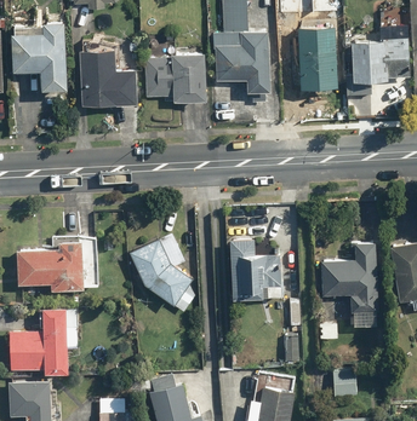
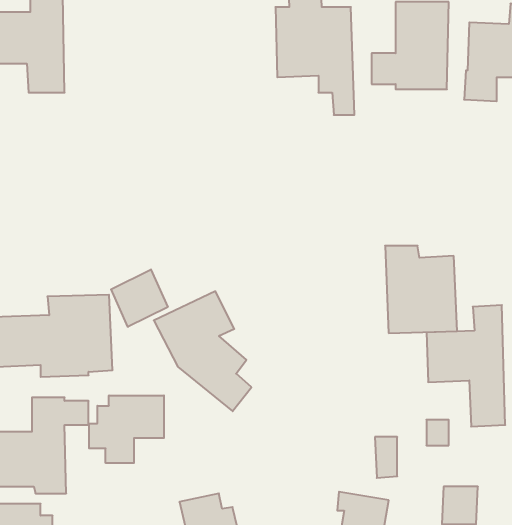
building: [80,40,135,106] -> none
building: [145,53,204,102] -> none
building: none -> [111,269,168,327]
building: [229,238,280,300] -> [385,246,457,333]
building: none -> [89,395,164,463]

